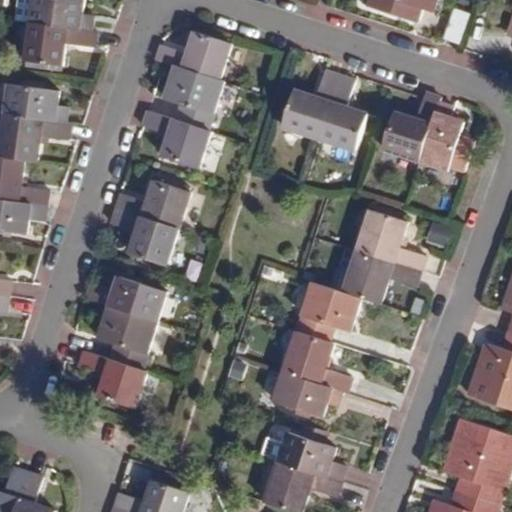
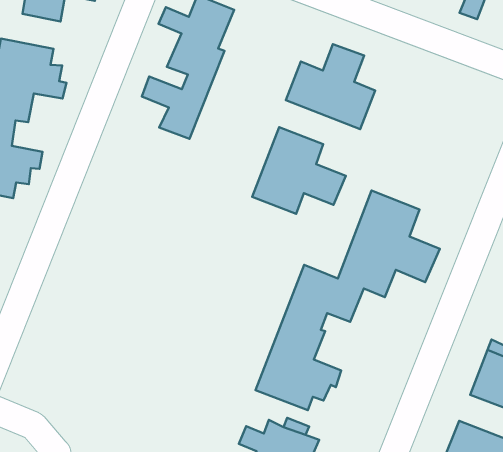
building: [384,95,460,170] -> none
building: none -> [252,127,346,214]
building: [115,183,185,267] -> none
building: [78,277,162,410] -> none

